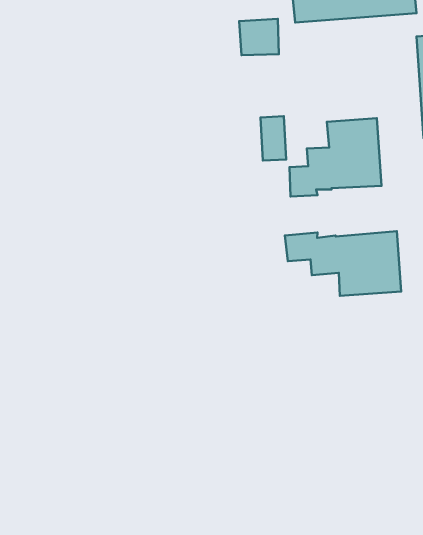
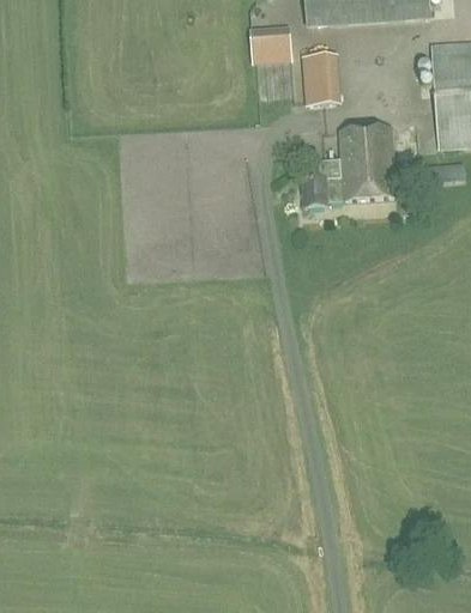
building: [260,116,286,161] -> [307,56,333,102]
building: [285,231,401,296] -> none

